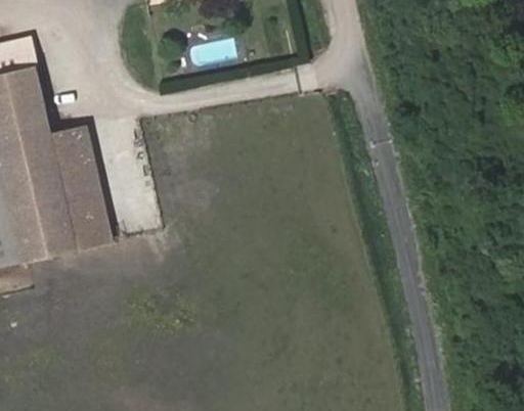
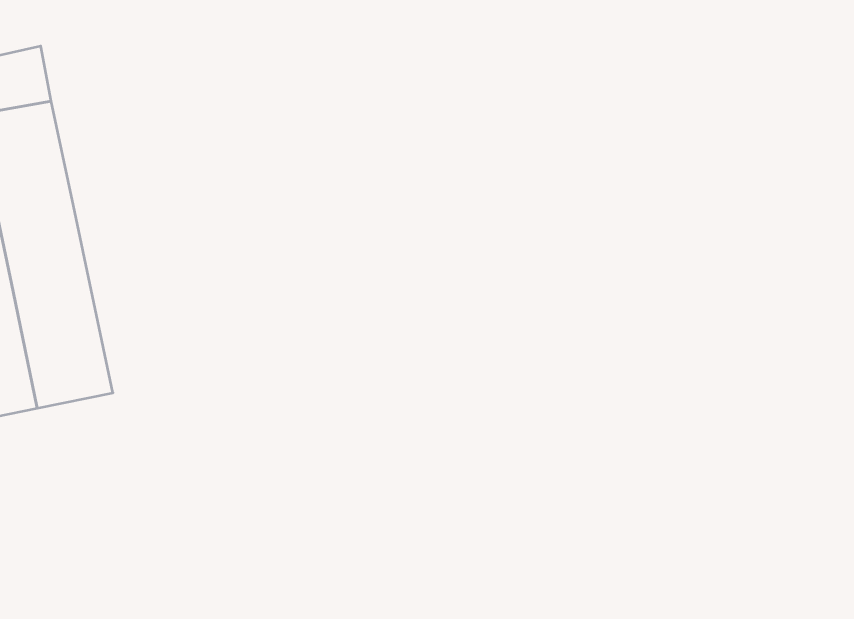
building: [47,131,105,249] -> none

